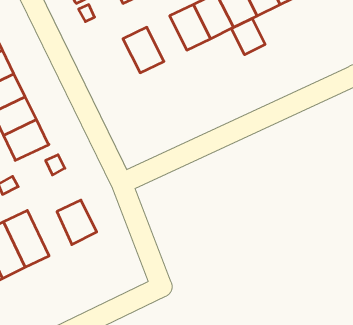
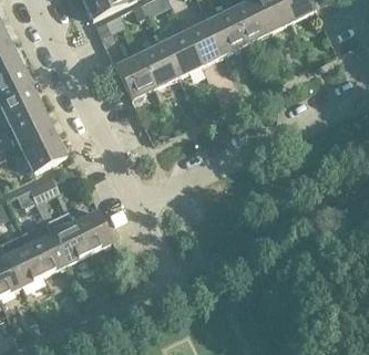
building: none -> [162,31,201,75]
building: [232,18,265,55] -> none
building: none -> [115,53,155,98]
building: none -> [45,209,89,264]

